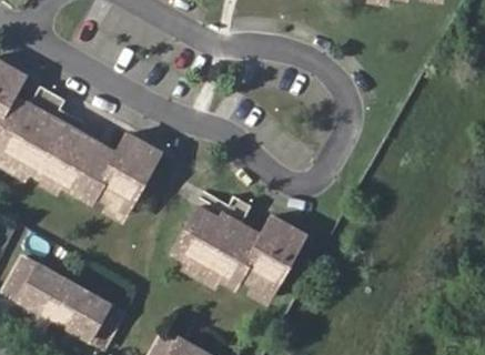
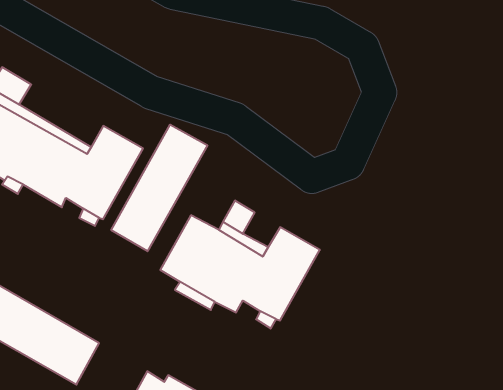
building: none -> [111,125,207,251]

